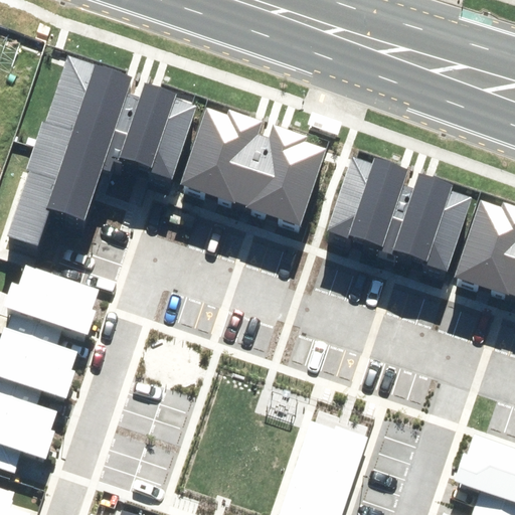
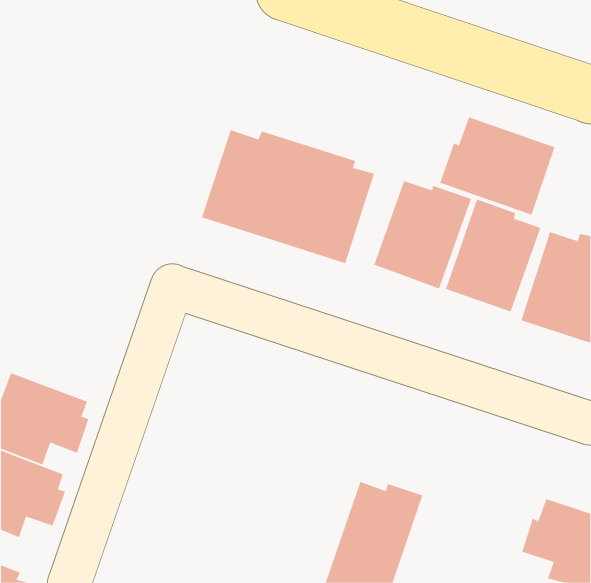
building: [4,56,137,248] -> none
building: [121,89,200,189] -> none
building: none -> [439,116,555,216]
building: [7,260,98,339] -> none

